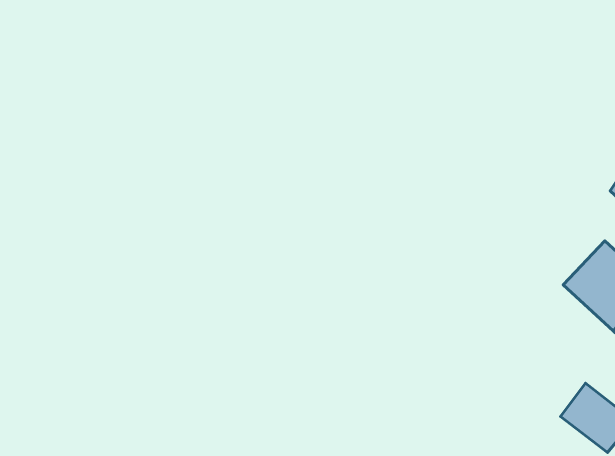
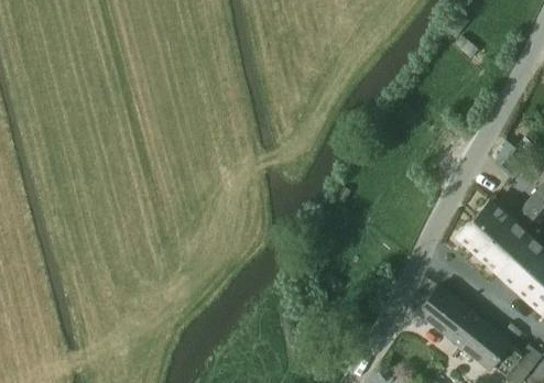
building: none -> [418,285,476,340]

